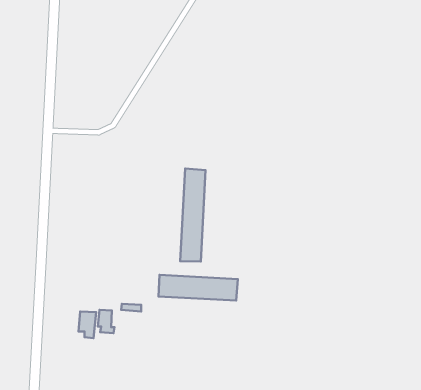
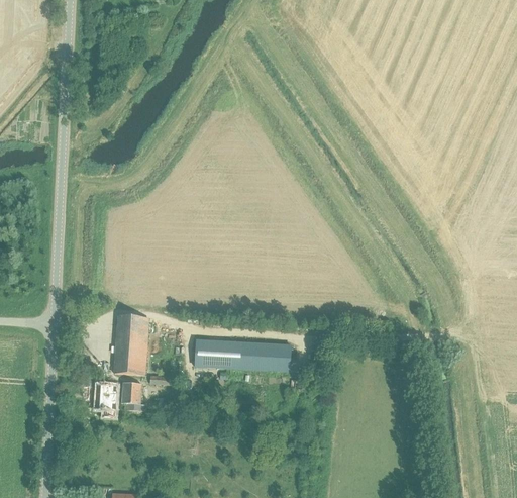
building: [180,169,206,262] -> none
building: none -> [112,315,147,374]

